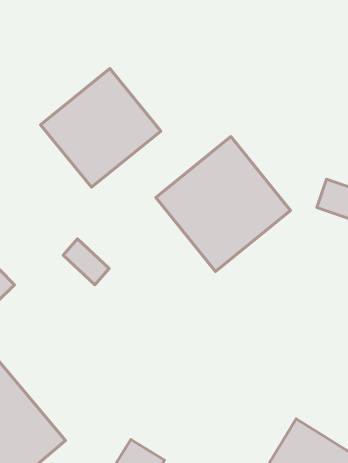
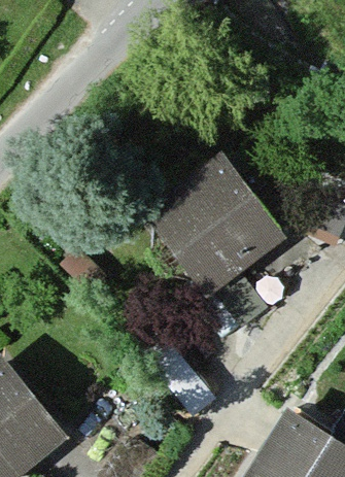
building: [41,69,161,187] -> none

